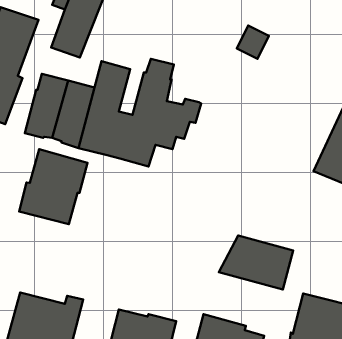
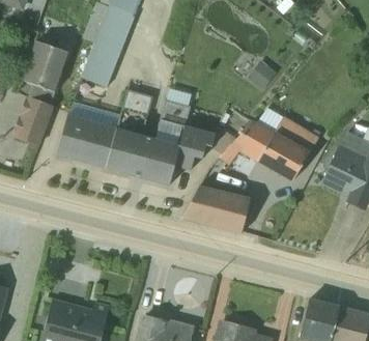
building: none -> [219,115,319,182]
building: [19,149,88,224] -> none
building: [219,236,293,289] -> [182,184,250,233]

